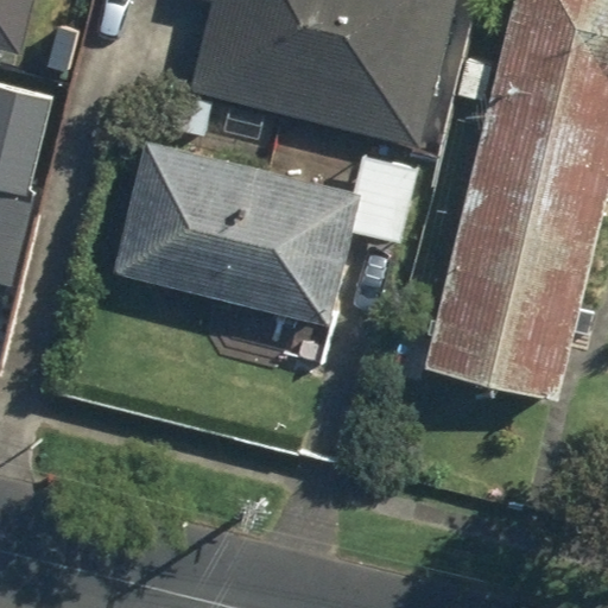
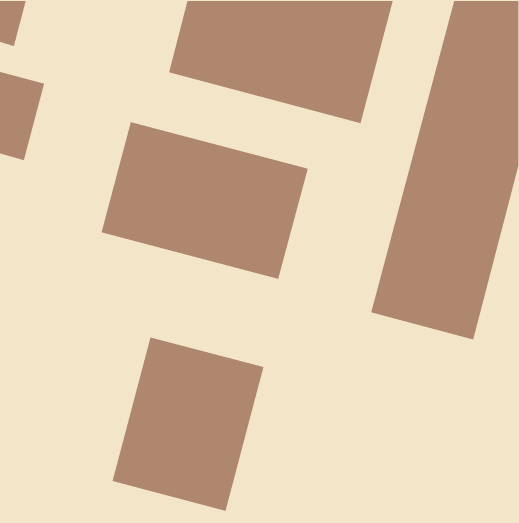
building: none -> [112,336,264,512]

